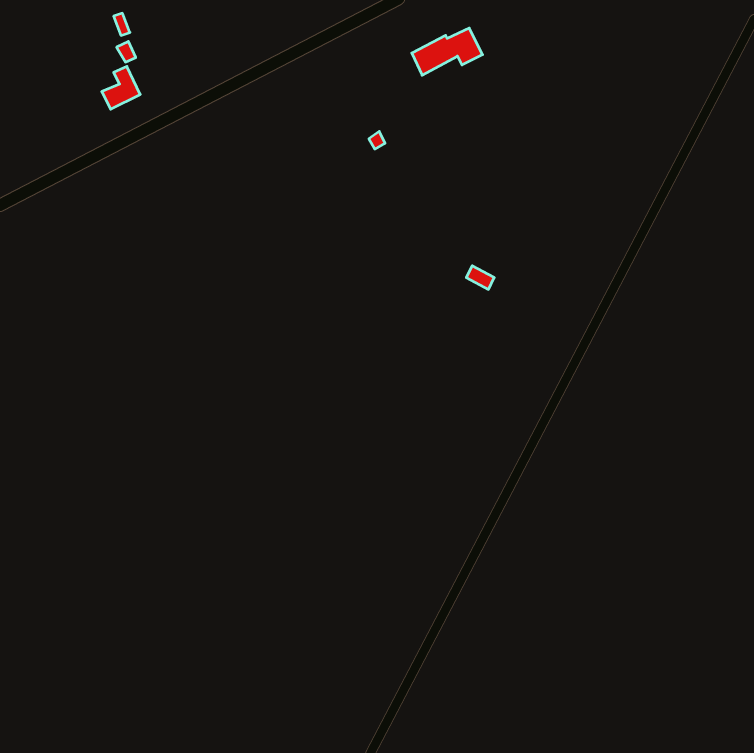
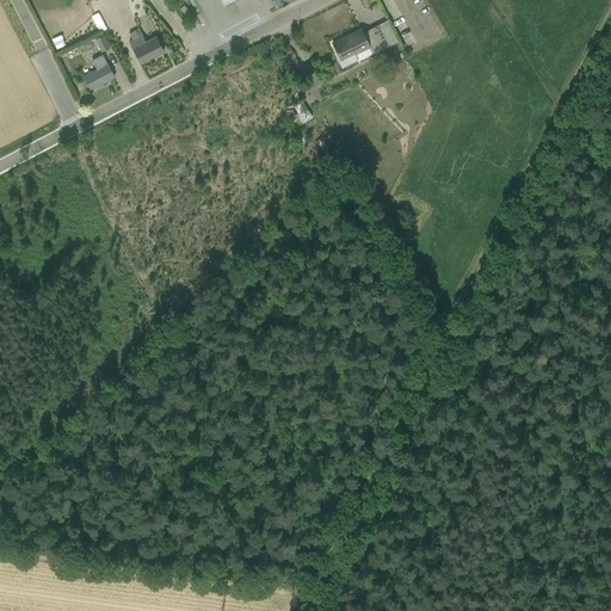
building: none -> [129,27,163,62]

